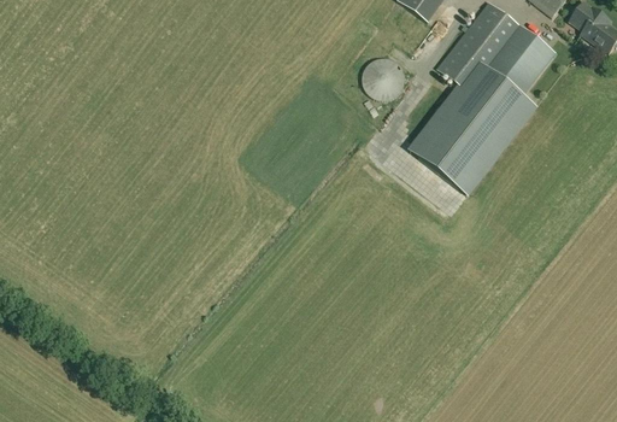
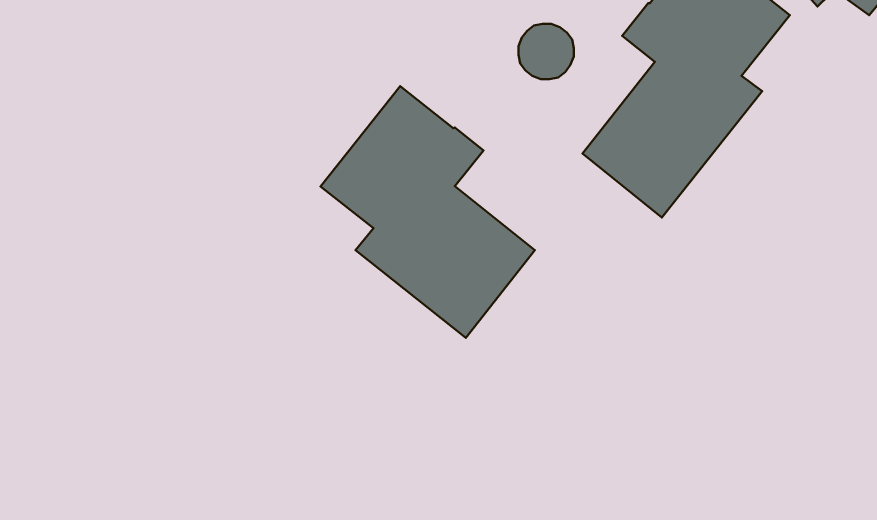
building: none -> [320,86,535,338]

